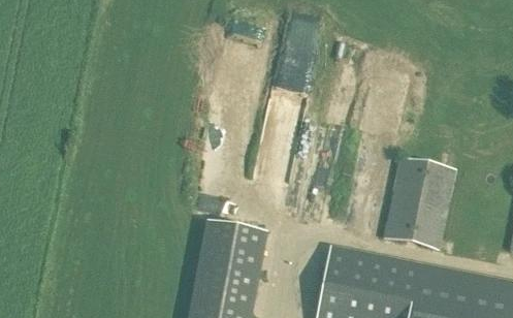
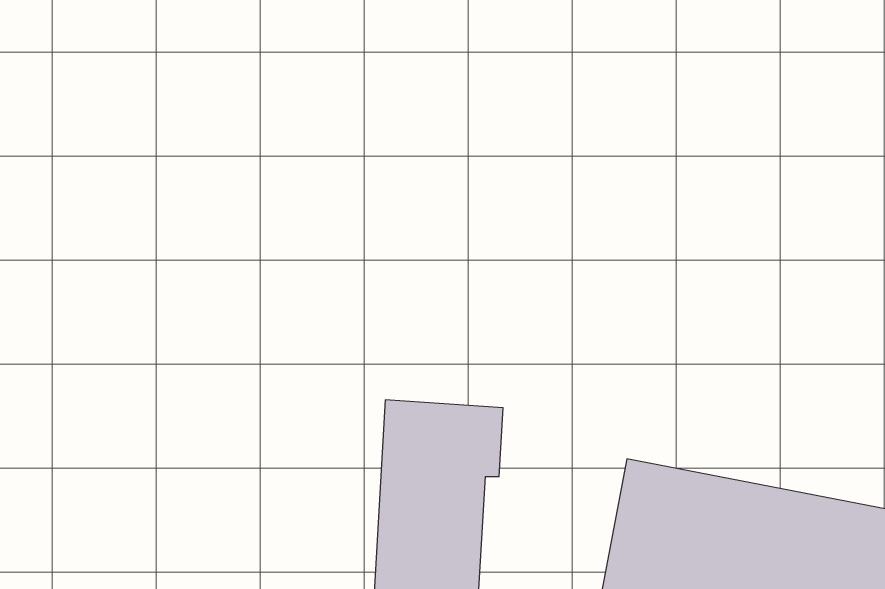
building: [383,159,456,251] -> none

